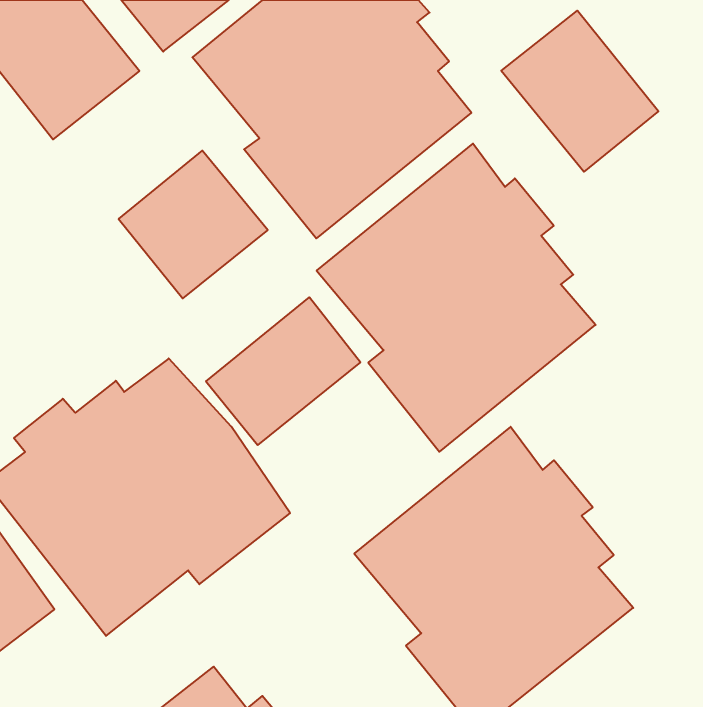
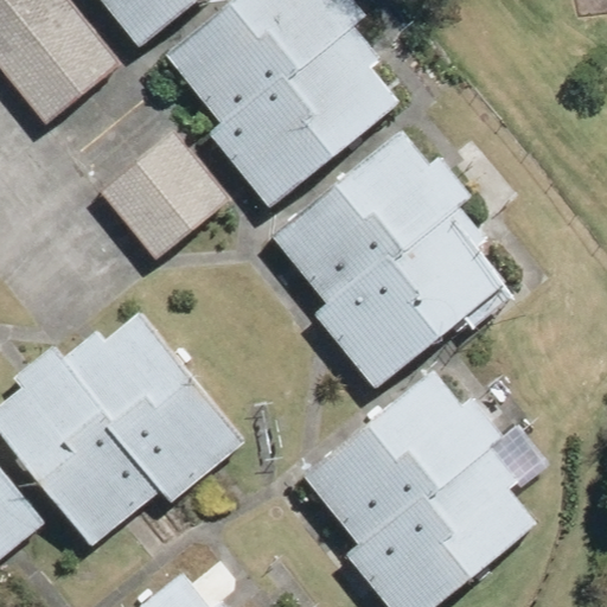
building: [501,11,658,172] -> none
building: [206,297,360,445] -> none

